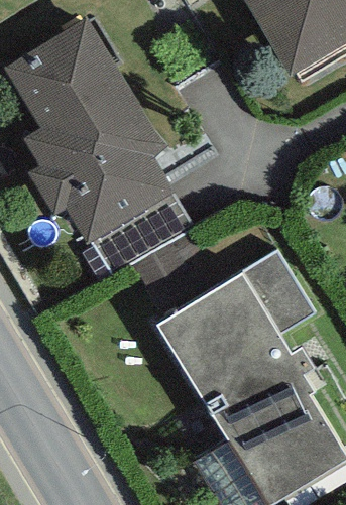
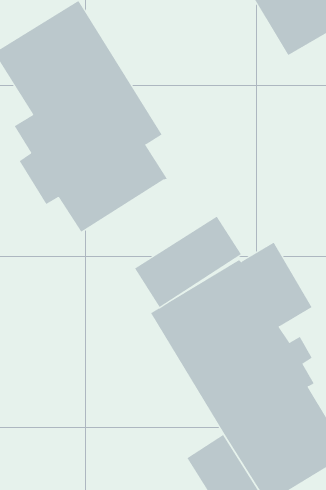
building: [88,192,193,281] -> [134,216,242,308]

